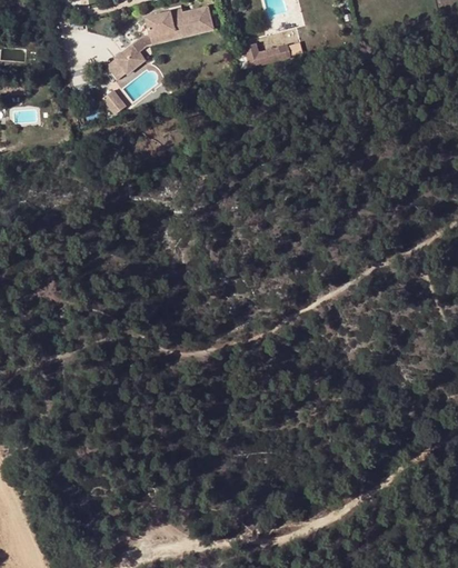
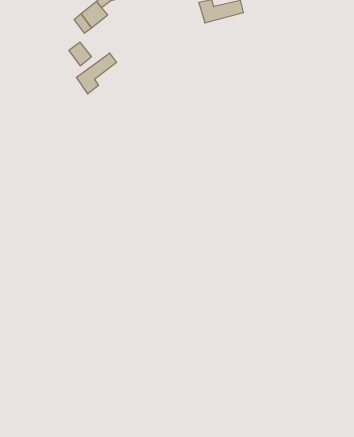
building: none -> [76,53,116,94]

